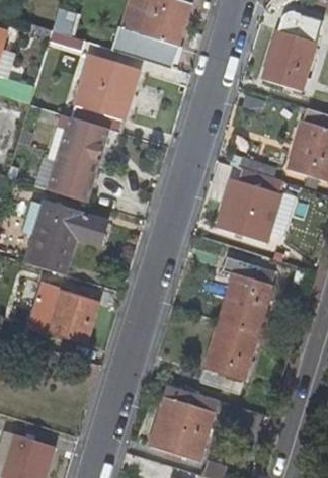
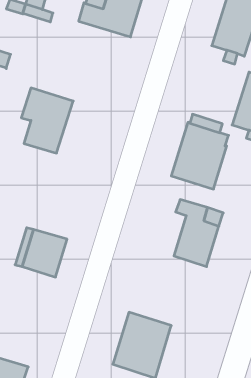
building: [70,56,137,132] -> none
building: [25,202,107,274] -> none
building: [199,319,257,393] -> none

